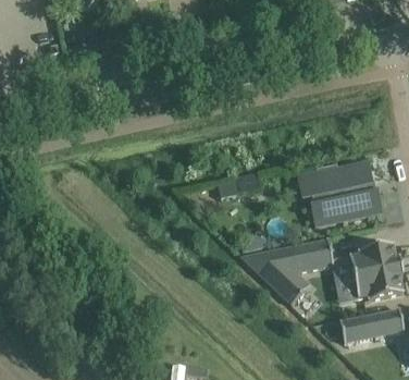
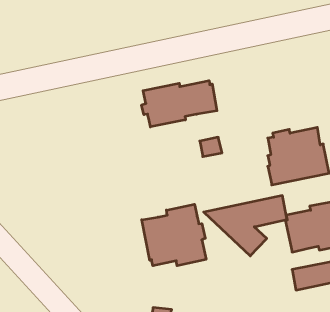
building: none -> [142,81,217,127]
building: none -> [142,204,206,266]

